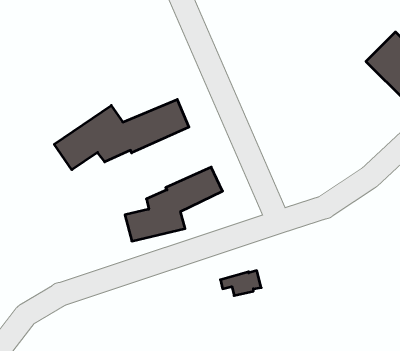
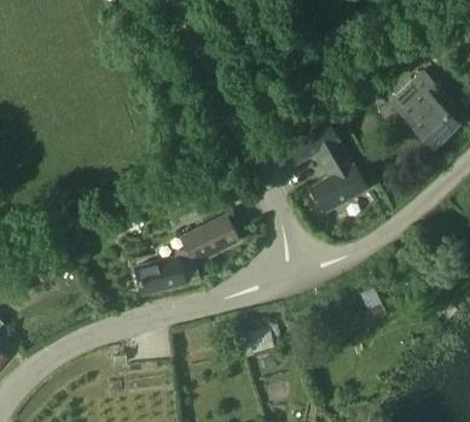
building: none -> [284,121,366,210]
building: [54,99,189,170] -> none

